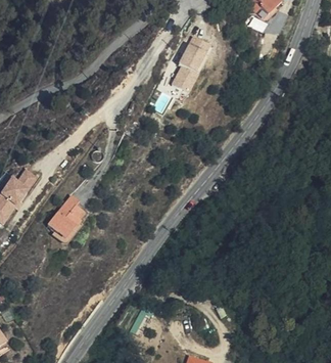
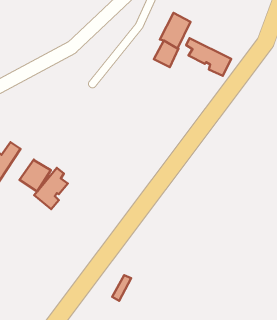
building: none -> [186,38,231,76]
building: none -> [20,159,51,192]

